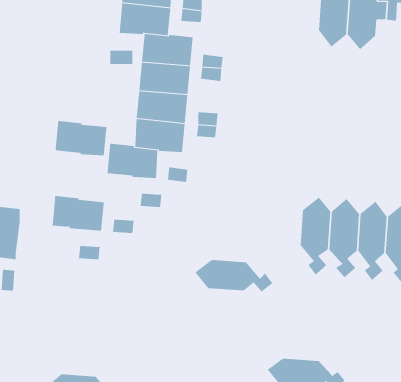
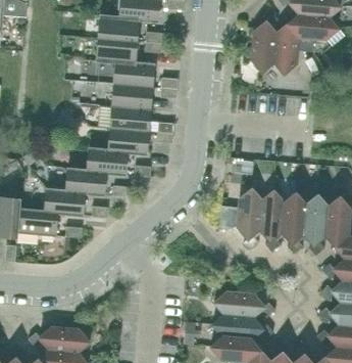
building: [55,120,107,156] -> [65,168,106,195]
building: none -> [16,209,57,236]
building: [194,260,273,292] -> [213,292,274,318]

